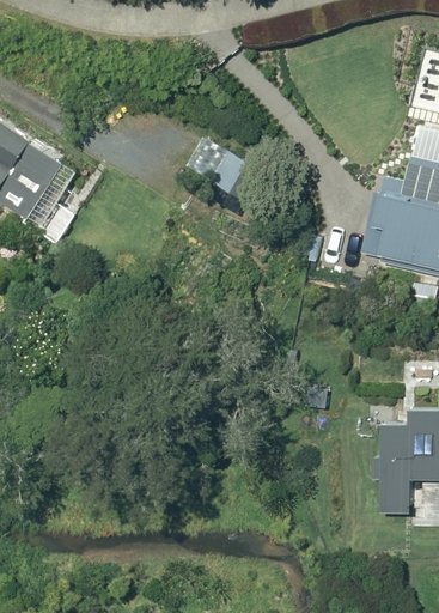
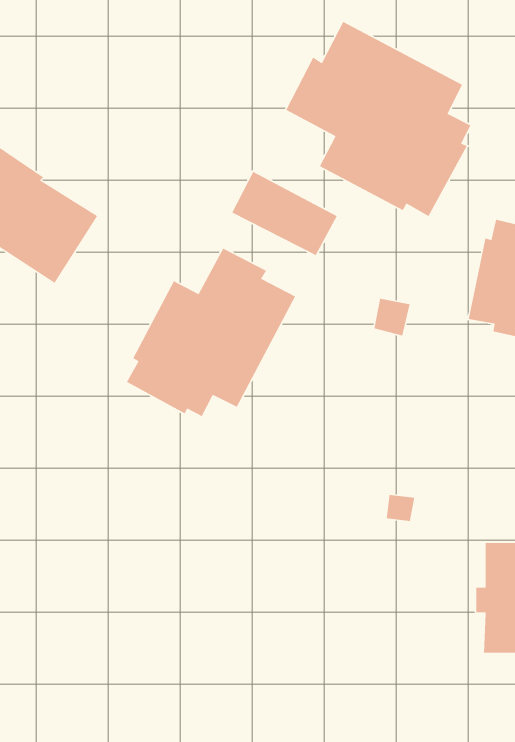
building: none -> [285,21,471,217]
building: none -> [126,247,296,417]

